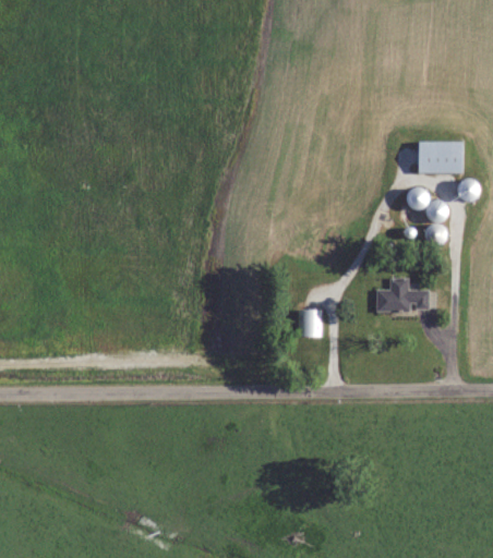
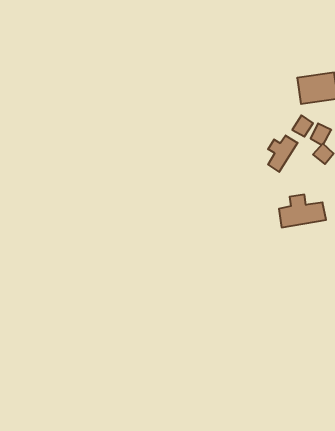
building: none -> [268,135,298,172]
building: [299,307,321,336] -> none

